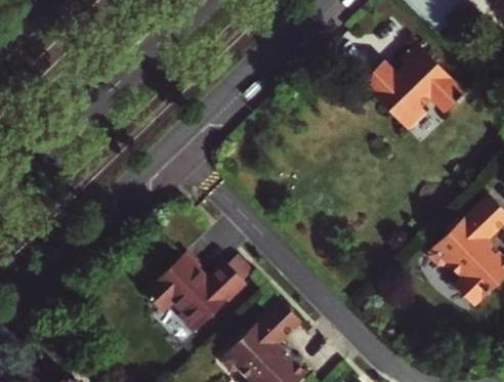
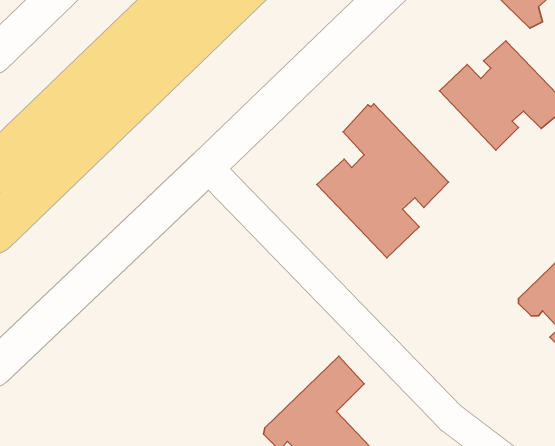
building: none -> [317,104,448,258]
building: [144,252,246,332] -> none

